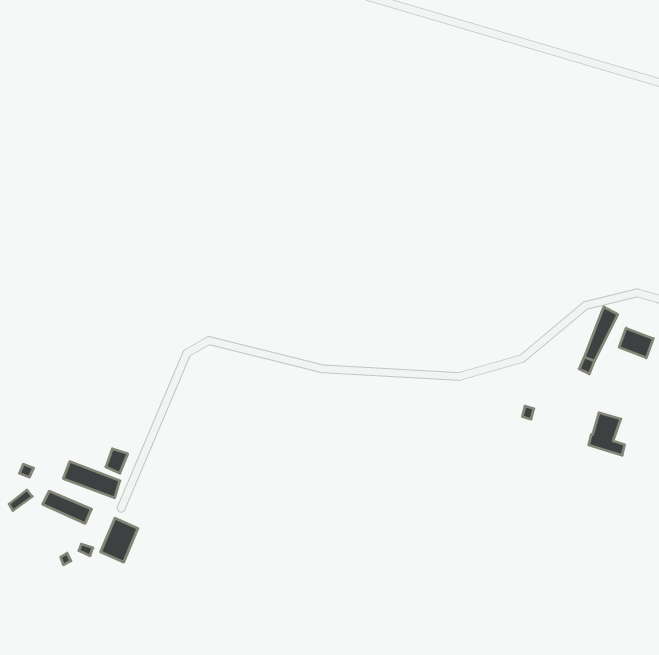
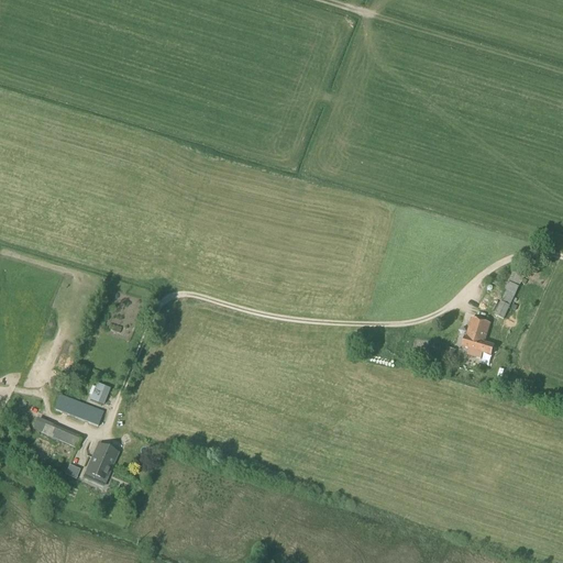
building: [619,328,653,358] -> none
building: [589,413,625,455] -> [462,317,493,353]

